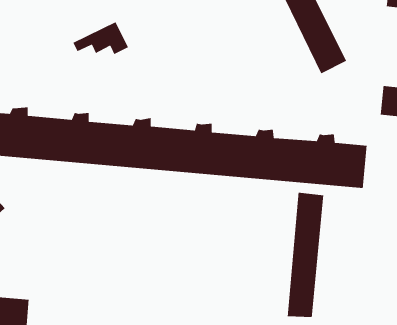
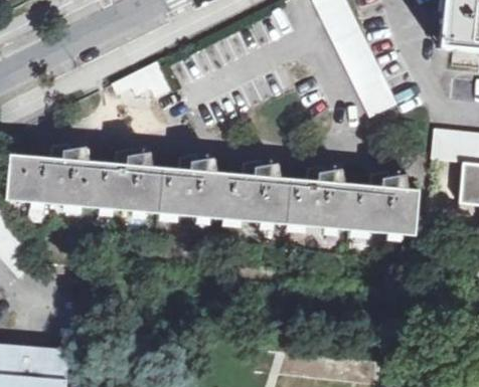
building: [287,192,324,318] -> none

